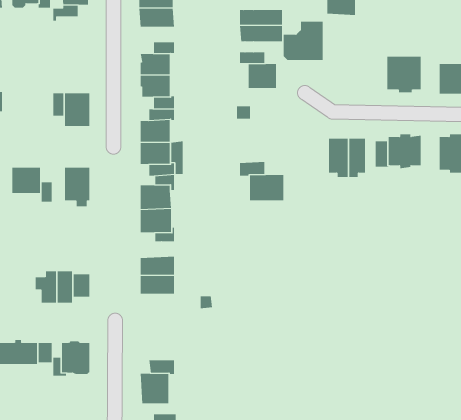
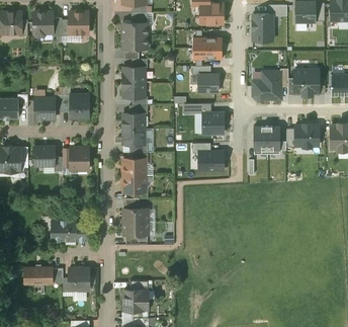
building: [283,21,324,61] -> [253,72,281,99]
building: none -> [35,98,56,118]
building: none -> [203,113,224,134]

